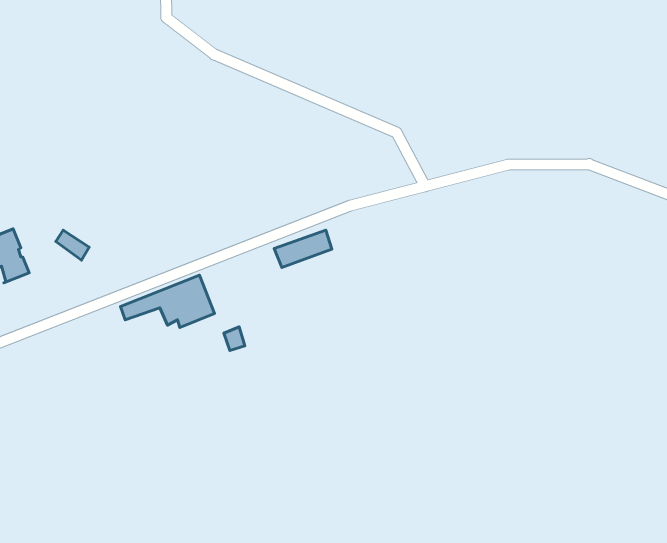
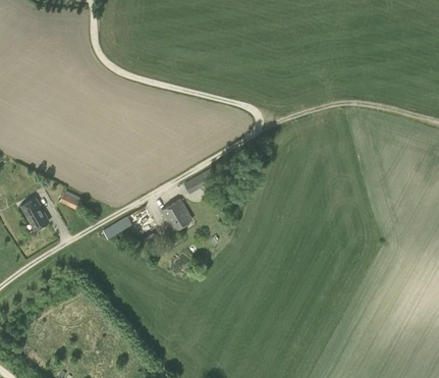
building: none -> [161,199,190,229]

